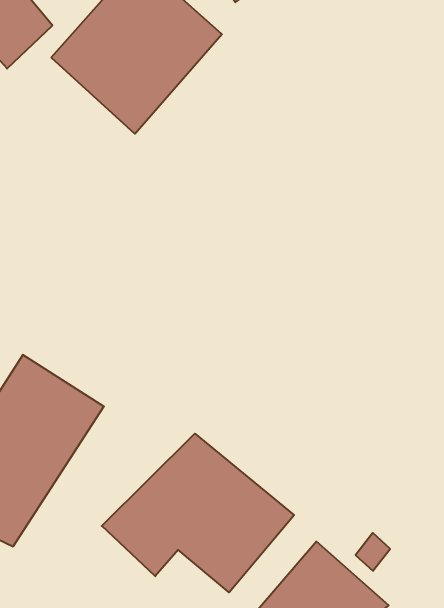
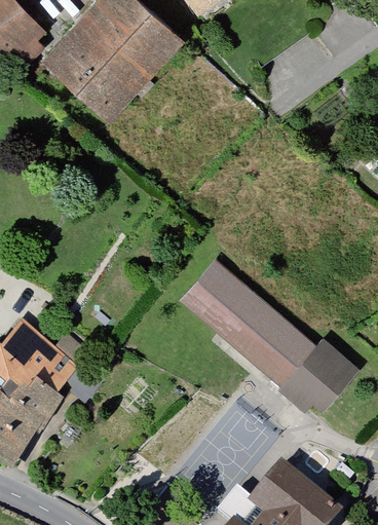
building: none -> [176,254,351,413]
building: [102,434,294,592] -> none

